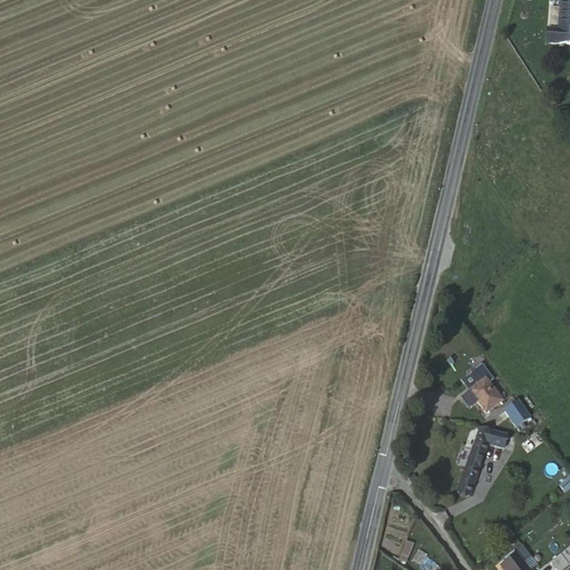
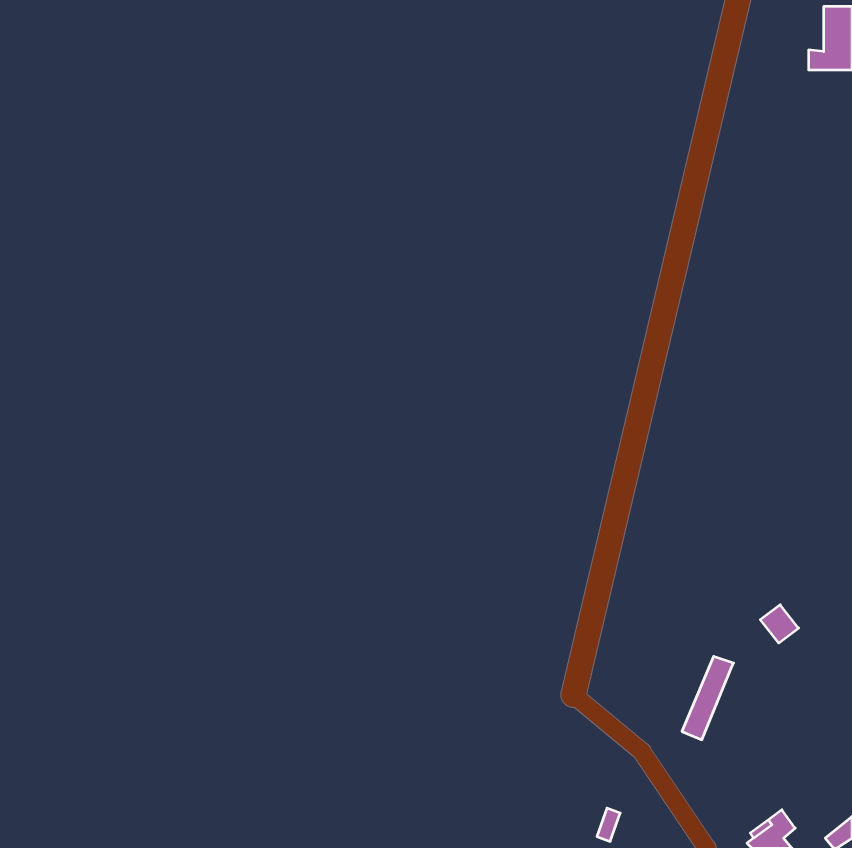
building: [469,366,512,415] -> none
building: [476,426,509,450] -> none

